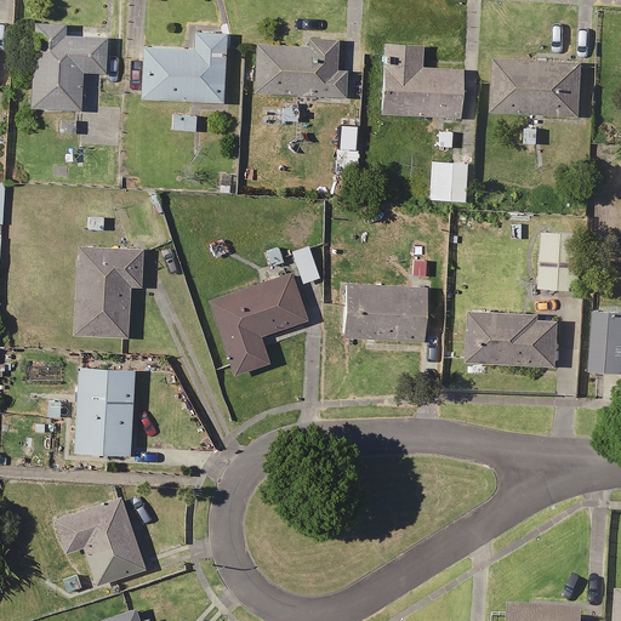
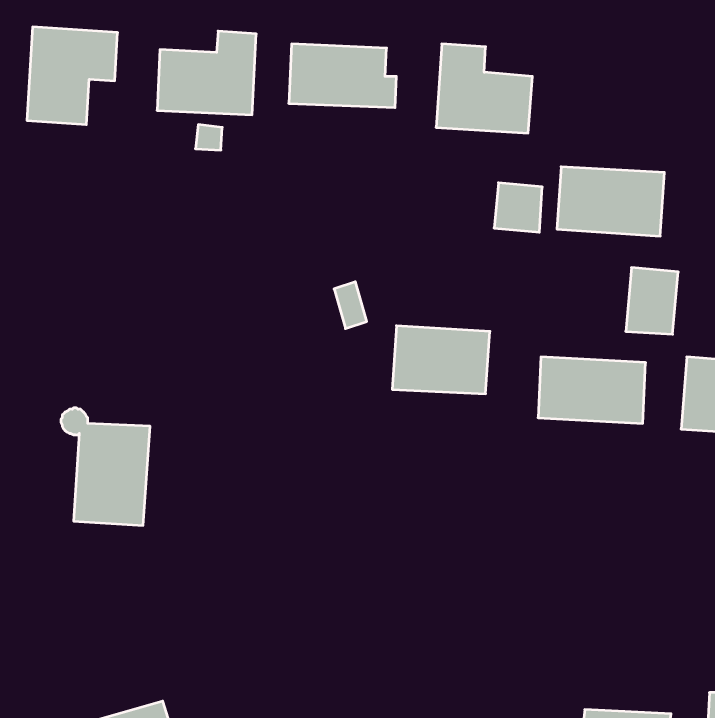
building: [492,58,585,118] -> [557,167,664,236]
building: [73,234,144,338] -> none
building: [212,274,308,374] -> none
building: [53,496,146,585] -> none

